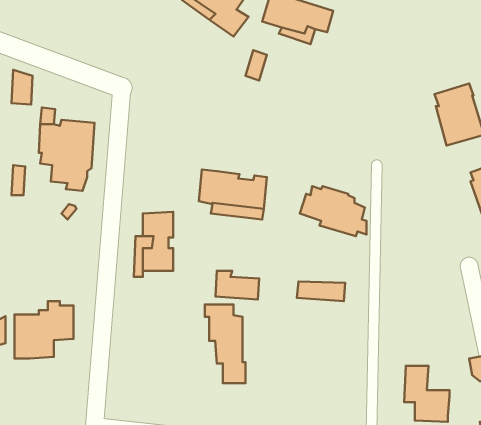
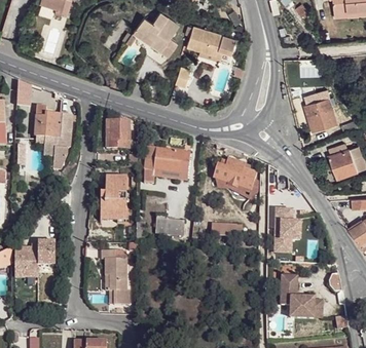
building: none -> [103,120,129,148]
building: none -> [274,209,299,253]
building: [205,305,245,383] -> [101,250,129,304]

